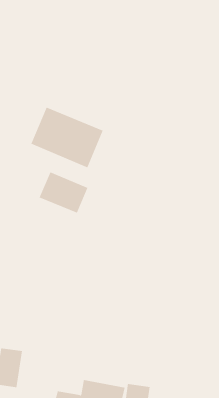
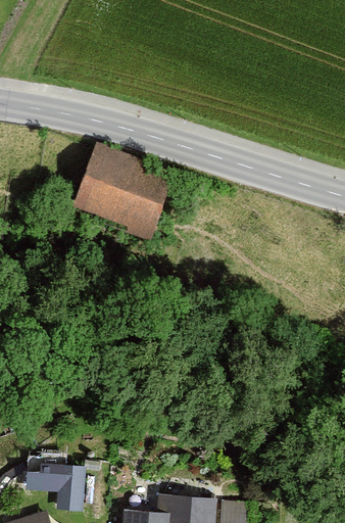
building: [39,172,88,214] -> none

